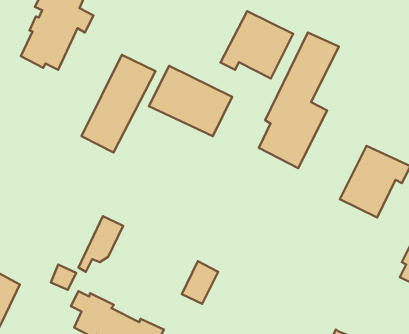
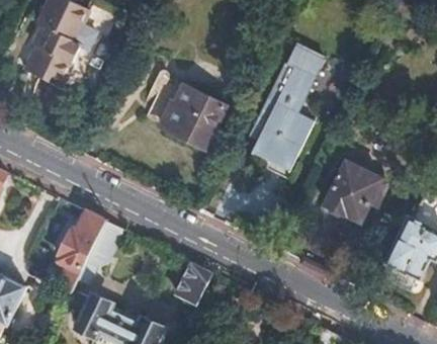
building: [220,11,293,78] -> none
building: [81,55,155,152] -> none
building: none -> [58,212,101,269]

